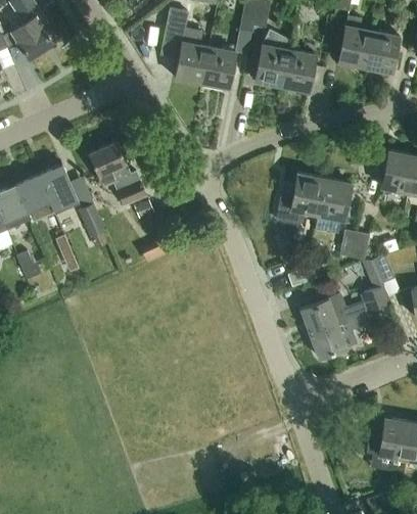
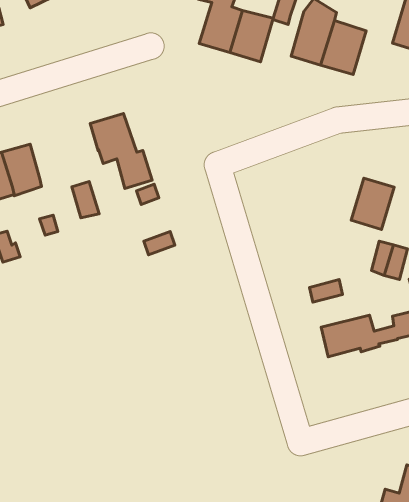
building: [40,168,79,213] -> none
building: [277,174,325,225] -> none
building: [310,313,370,358] -> none

